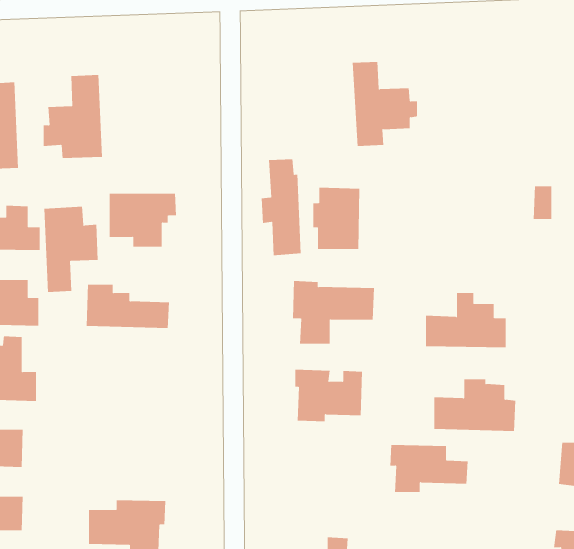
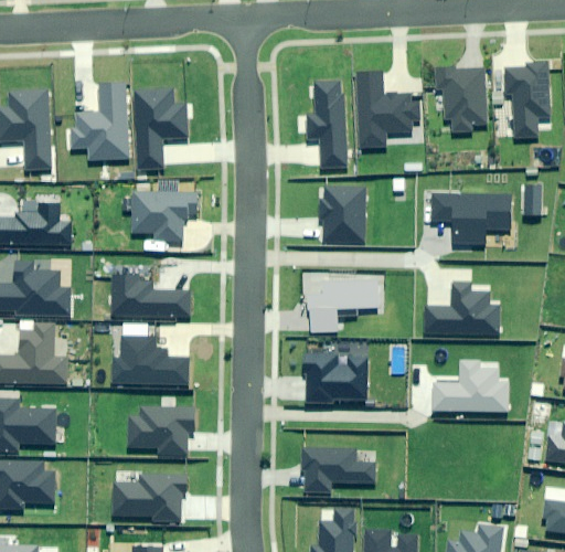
building: none -> [504,62,548,137]
building: none -> [437,67,487,132]
building: [261,159,302,256] -> [309,78,347,168]
building: none -> [434,193,510,244]
building: [43,206,99,292] -> [137,87,188,167]
building: none -> [113,336,189,384]
building: none -> [129,405,195,455]
building: [389,444,468,492] -> [302,447,375,491]

